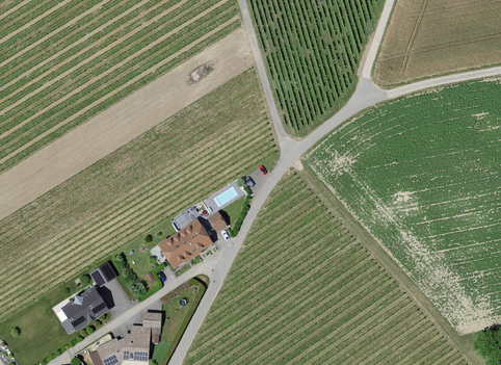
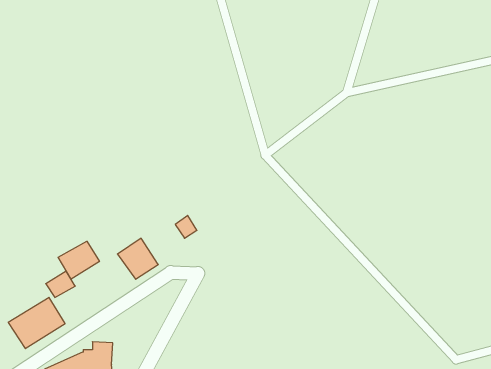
building: [177,219,212,256] -> none
building: none -> [58,241,99,279]

